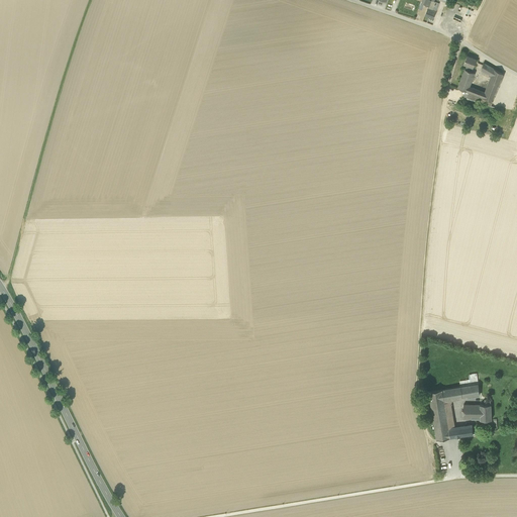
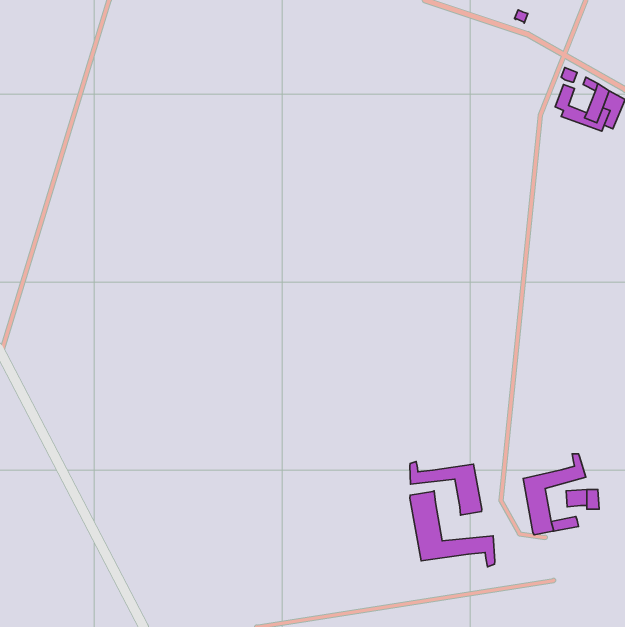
building: none -> [410,462,482,515]
building: none -> [410,491,495,567]

